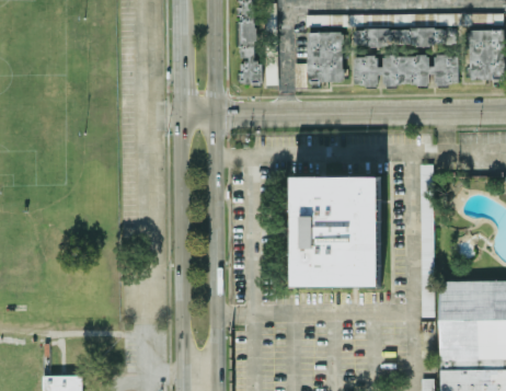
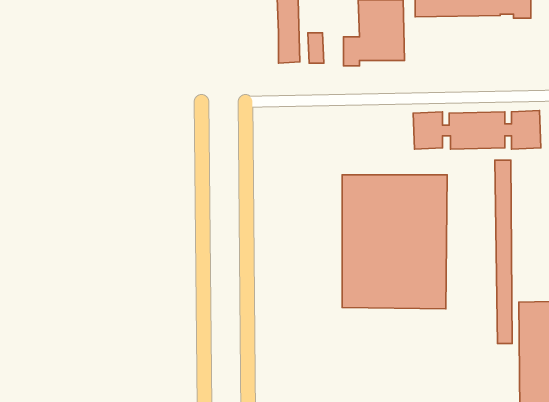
building: [353,54,458,85] -> [413,111,541,149]

